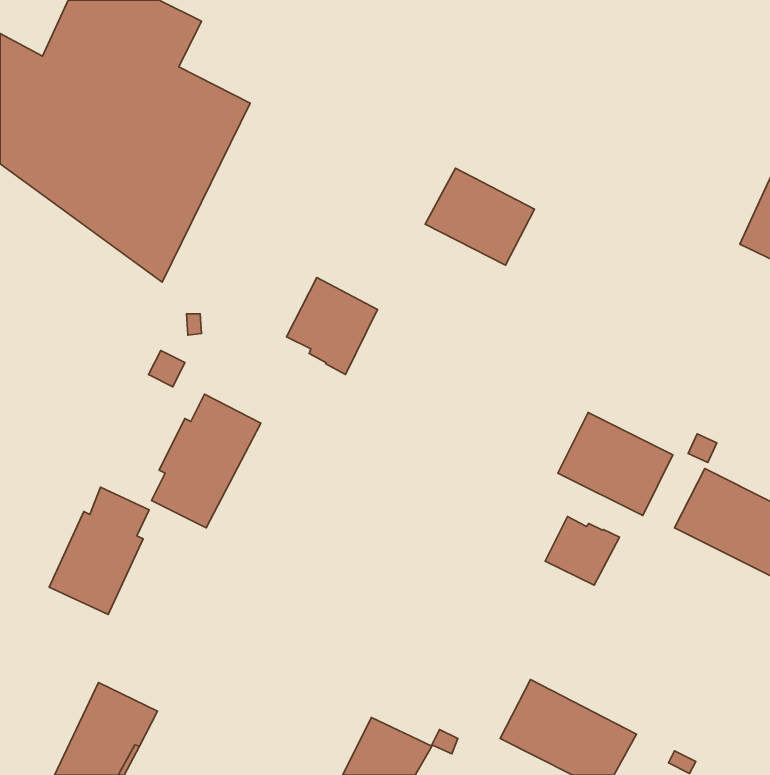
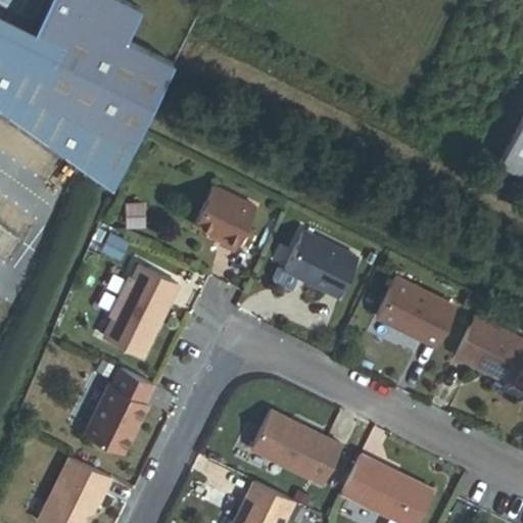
building: [425,168,534,265] -> [287,234,361,299]
building: [49,487,149,615] -> [84,371,151,457]
building: [545,517,620,585] -> none
building: none -> [248,410,340,484]

